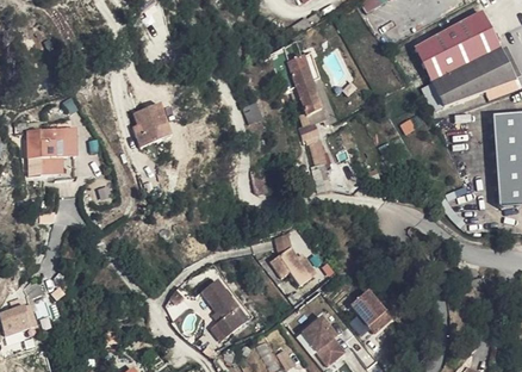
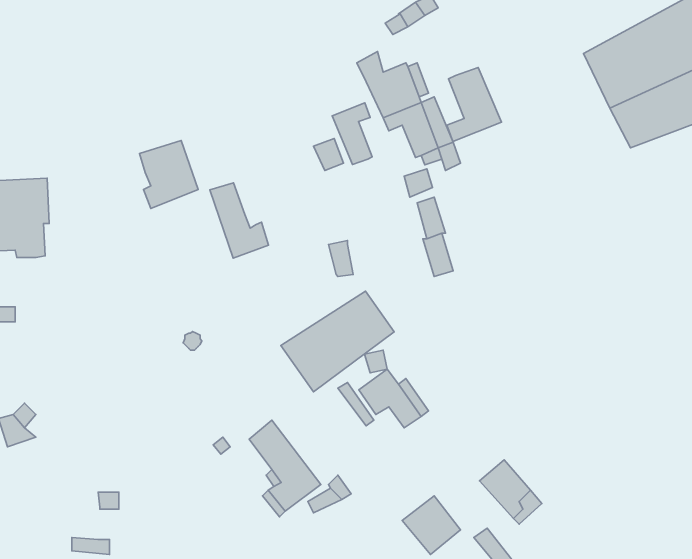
building: none -> [447,67,501,142]
building: none -> [332,103,372,164]
building: none -> [210,183,269,258]
building: none -> [281,291,394,392]

